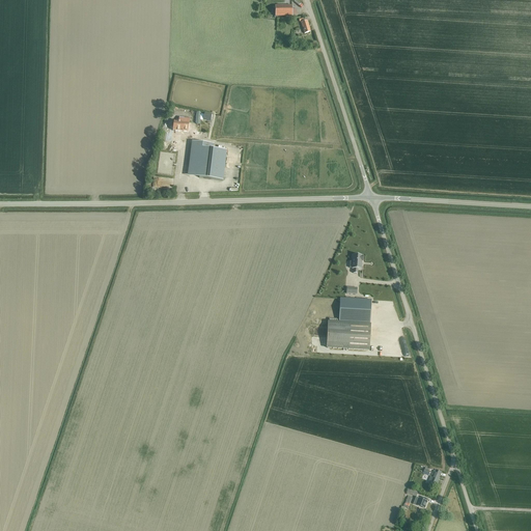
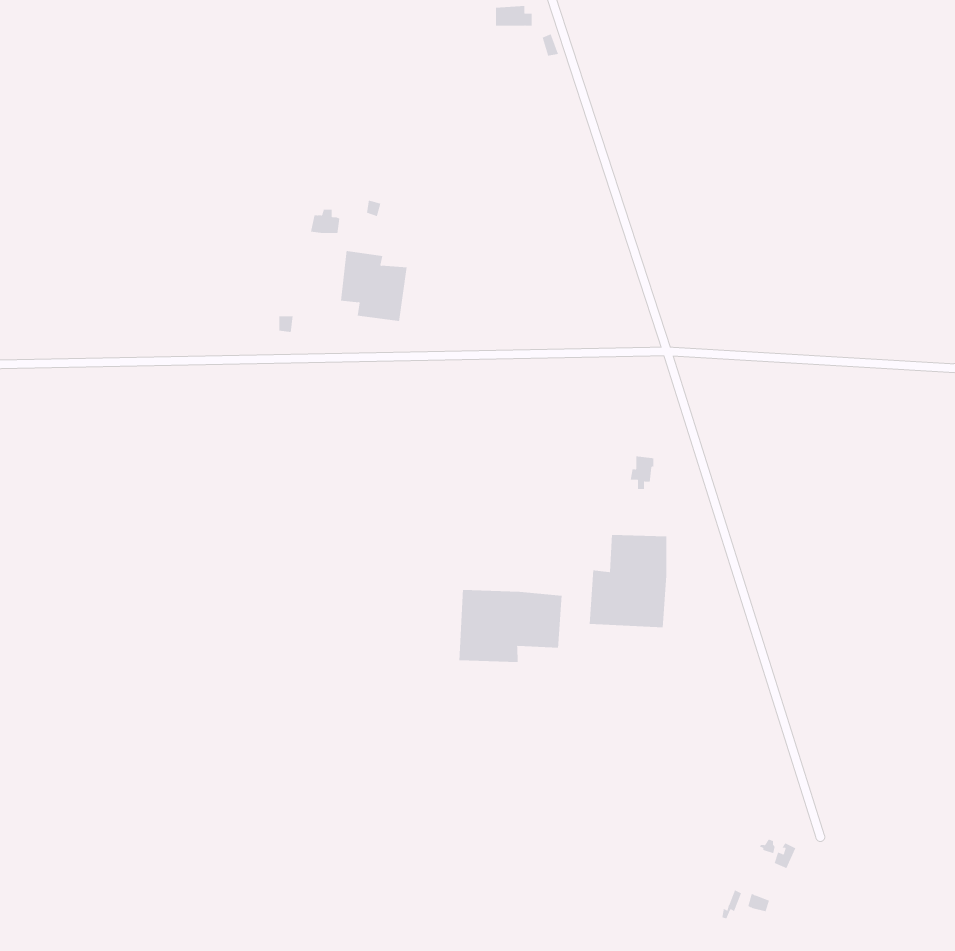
building: none -> [459,589,562,663]

